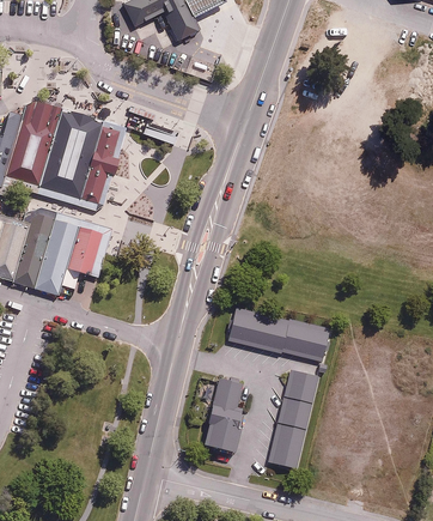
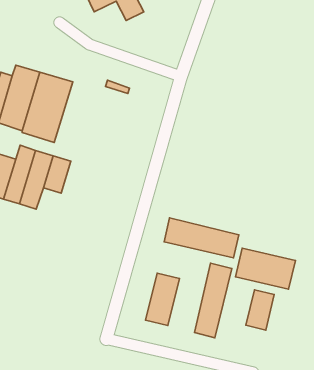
building: [81,123,123,204] -> none
building: none -> [236,248,295,289]
building: none -> [246,290,274,330]

